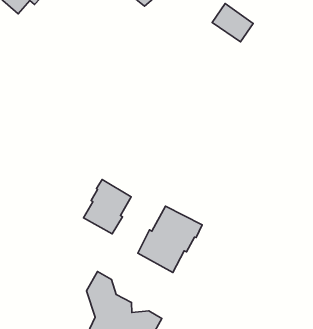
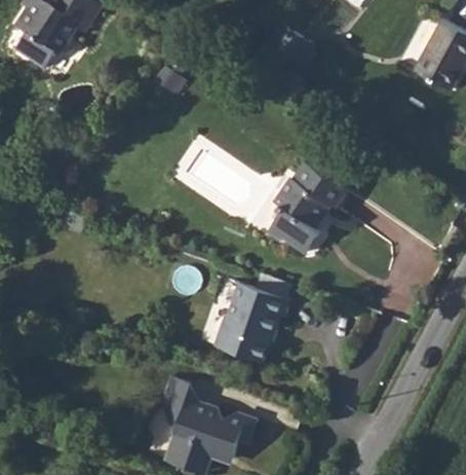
building: none -> [264,162,347,255]
building: [84,180,131,234] -> none

